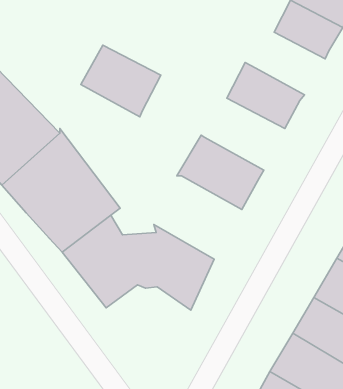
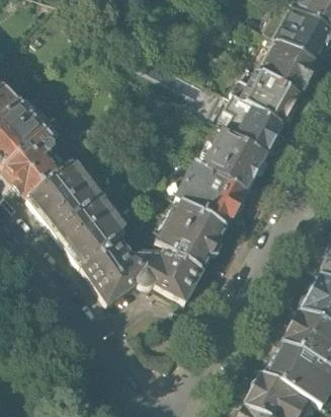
building: none -> [247,70,308,125]
building: [81,45,161,117] -> [202,128,272,191]
building: none -> [158,196,235,269]

